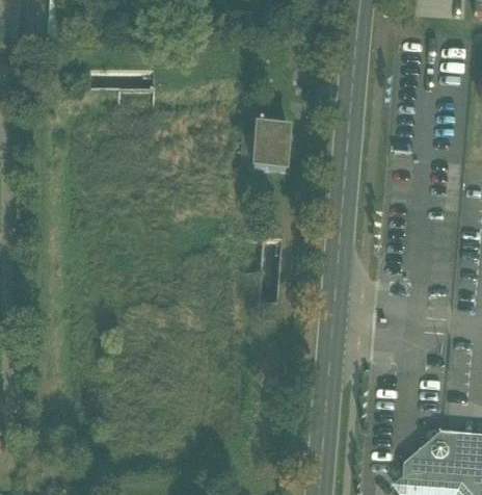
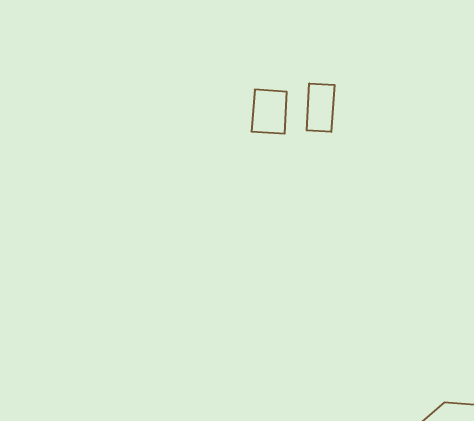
building: none -> [307,83,335,132]

